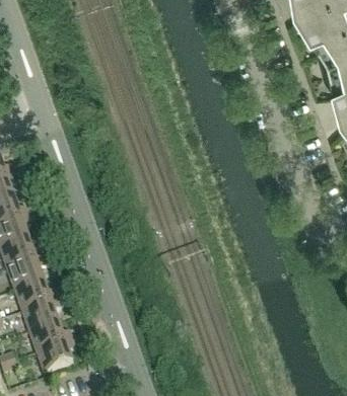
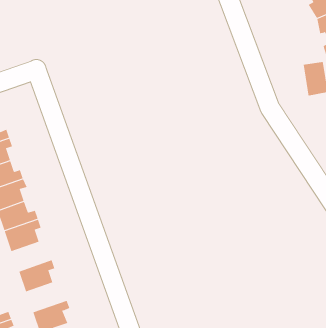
building: [13,281,56,311] -> none
building: [28,322,71,352] -> none

